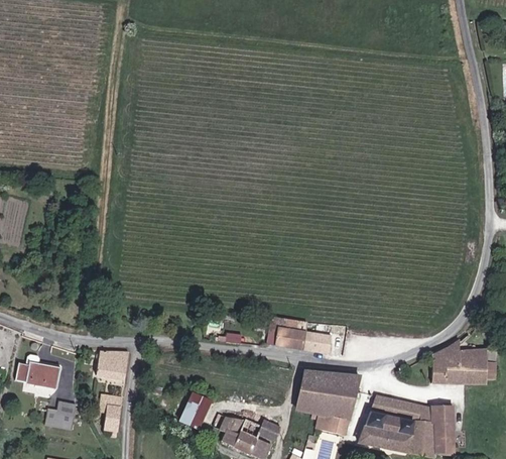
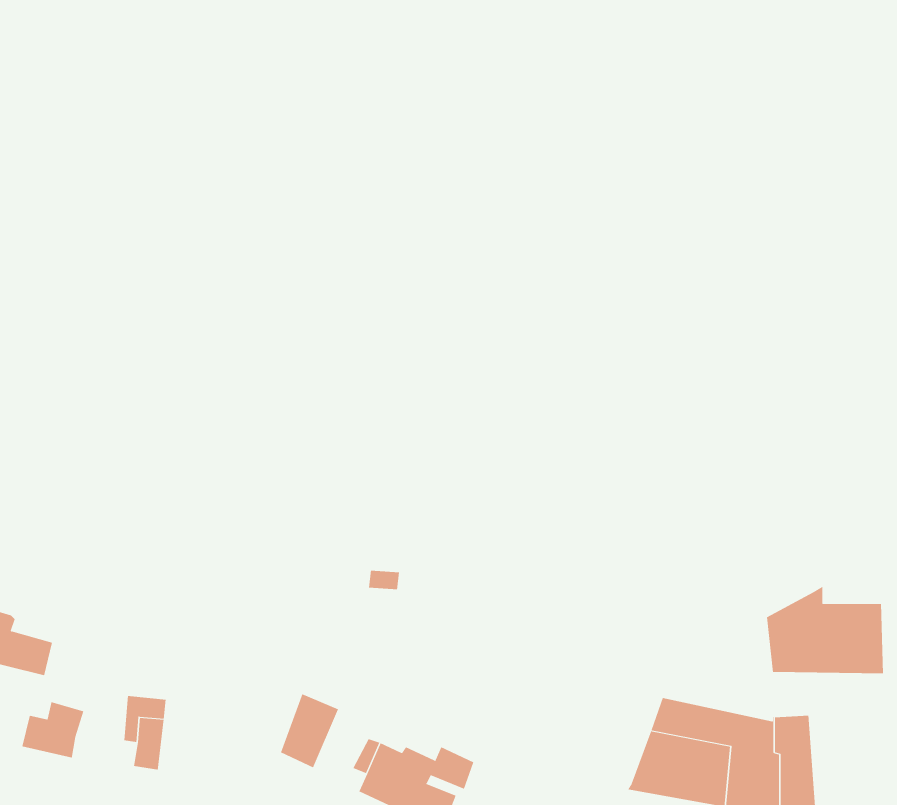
building: [274,329,331,354] -> none
building: [99,350,128,381] -> none
building: [297,372,359,435] -> none

